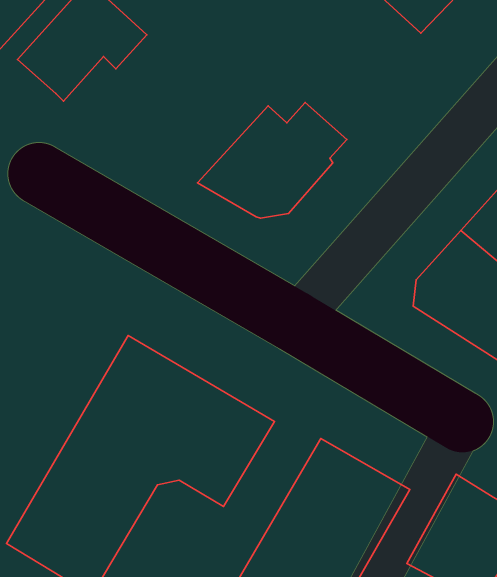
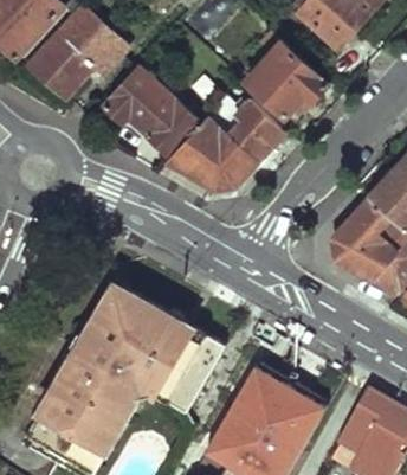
building: none -> [250,38,330,117]
building: none -> [103,60,204,154]

